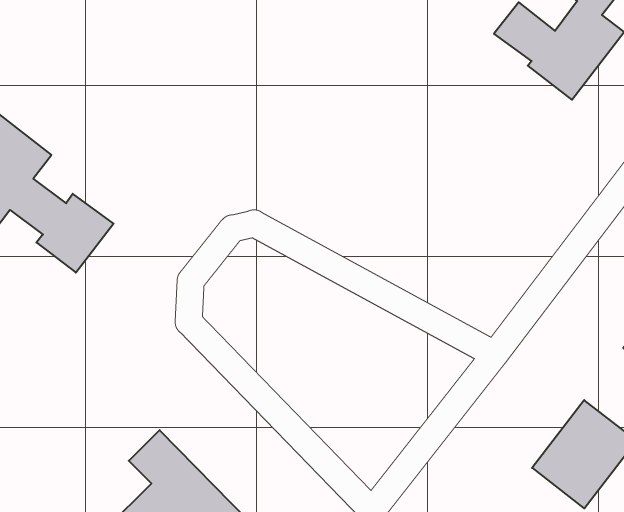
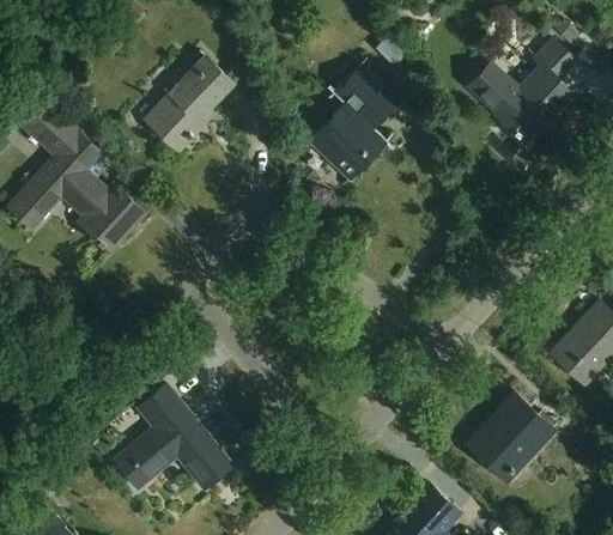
building: none -> [309,65,399,178]
building: none -> [150,57,231,150]

